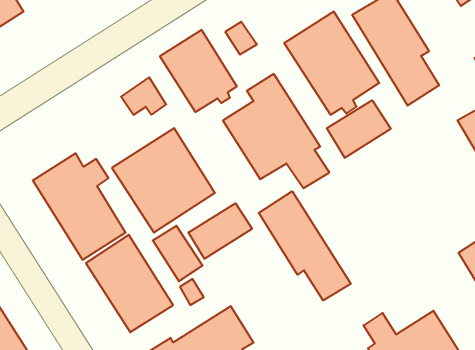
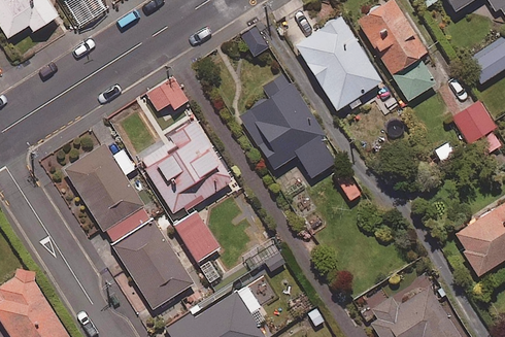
building: [160,30,237,112] -> none
building: [327,100,391,158] -> none
building: [259,191,351,300] -> none
building: [188,203,252,259] -> none

